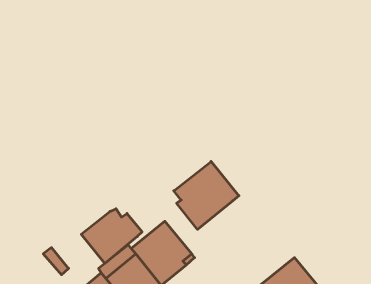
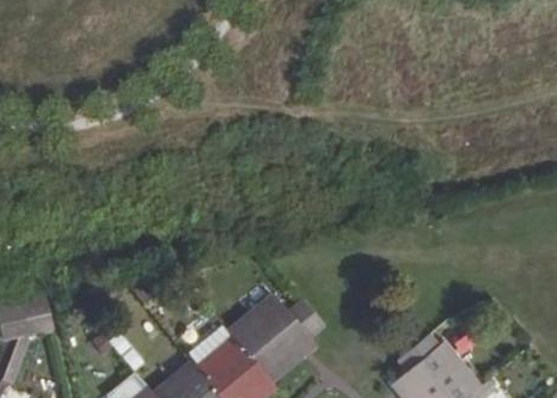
building: [174,161,239,229] -> none
building: [81,209,142,263] -> none

